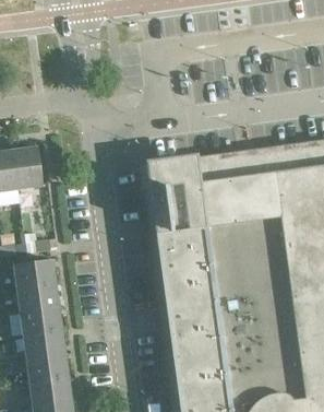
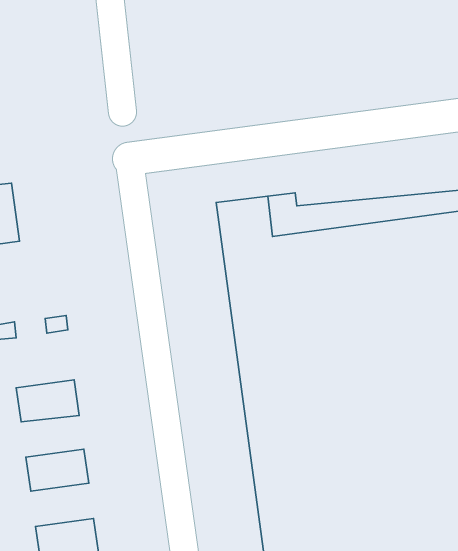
building: [9,145,38,188] -> none
building: [9,258,51,287] -> none
building: [15,306,58,334] -> none
building: [22,352,64,381] -> none

